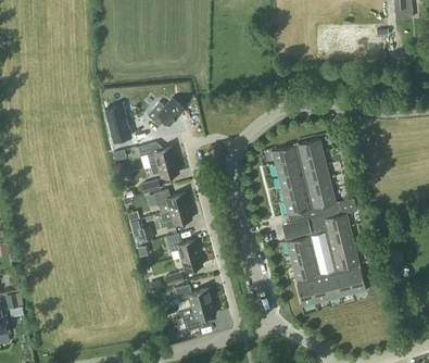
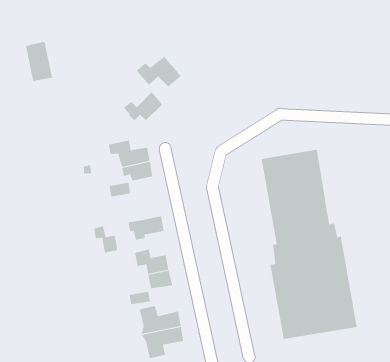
building: none -> [136,56,181,88]
building: [104,104,130,140] -> [25,41,53,82]
building: [153,188,189,213] -> none

